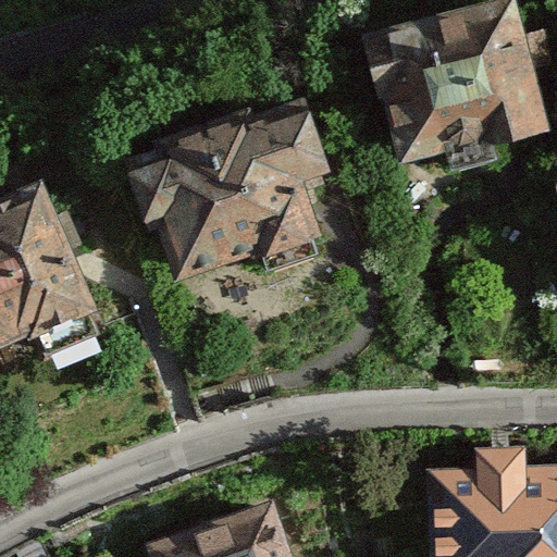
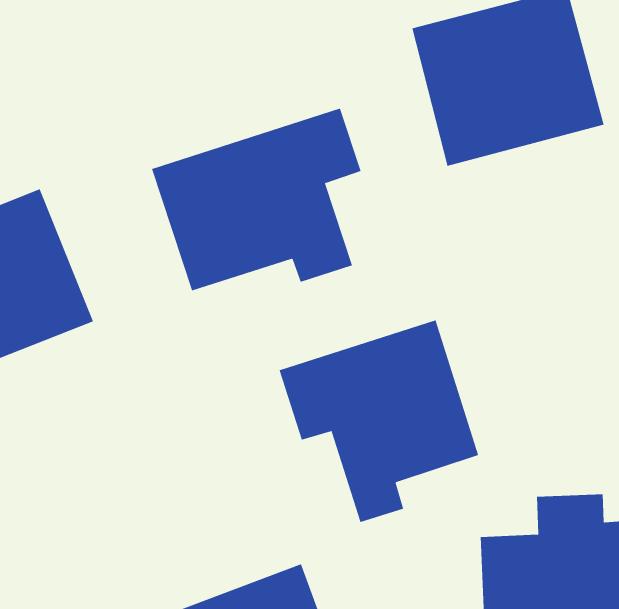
building: none -> [279,319,479,523]

